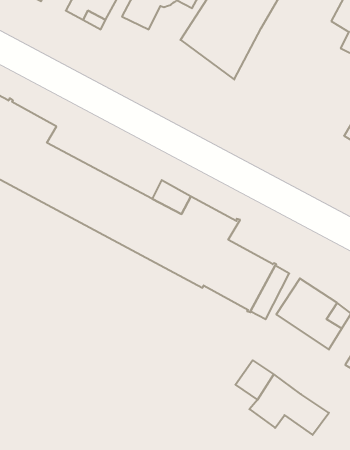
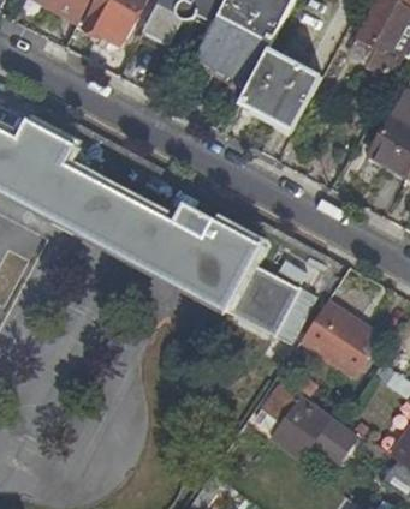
building: none -> [256,43,338,124]

